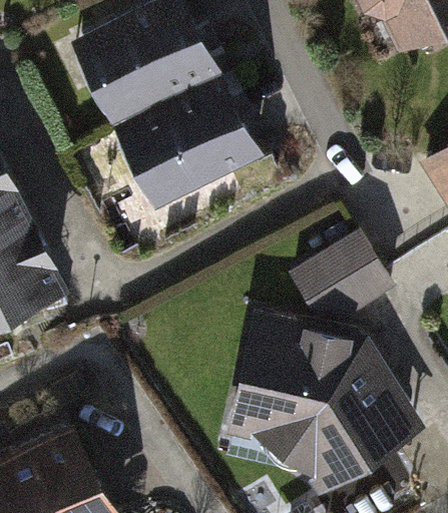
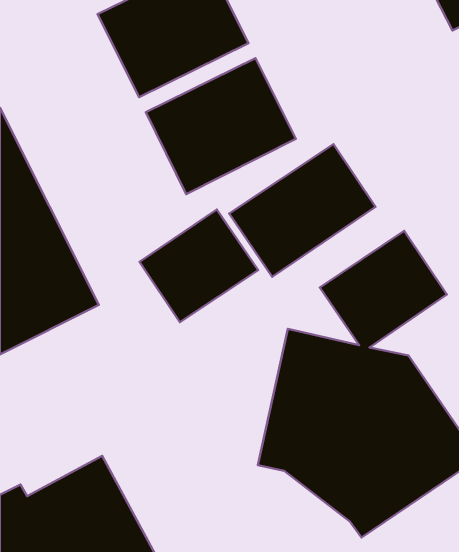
building: none -> [229,144,376,277]
building: none -> [140,210,258,322]

